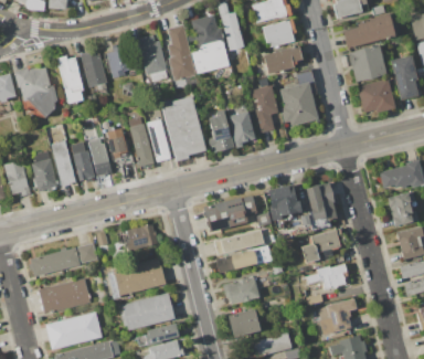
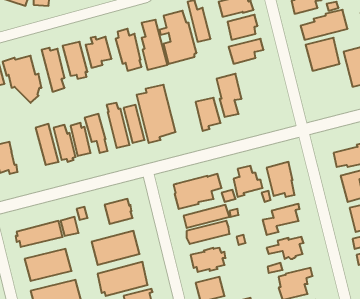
building: [358,80,395,113] -> none
building: [280,83,318,126] -> none
building: [208,110,234,152] -> none
building: [32,150,57,191] -> none

